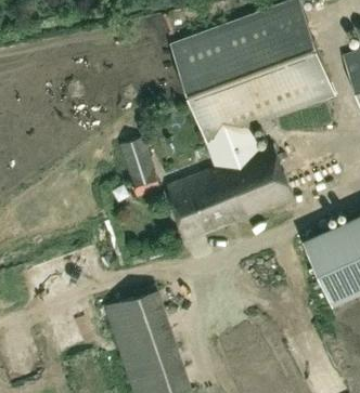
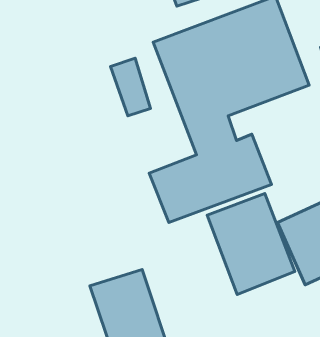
building: [118,139,160,199] -> [110,58,150,116]
building: none -> [207,193,295,294]

